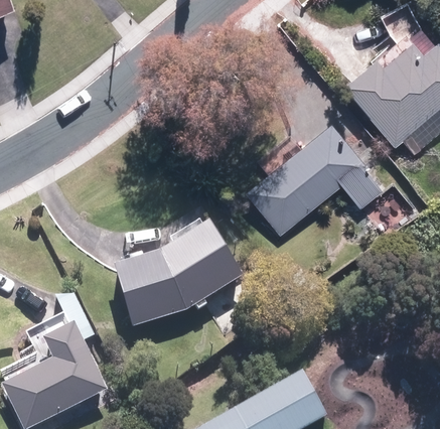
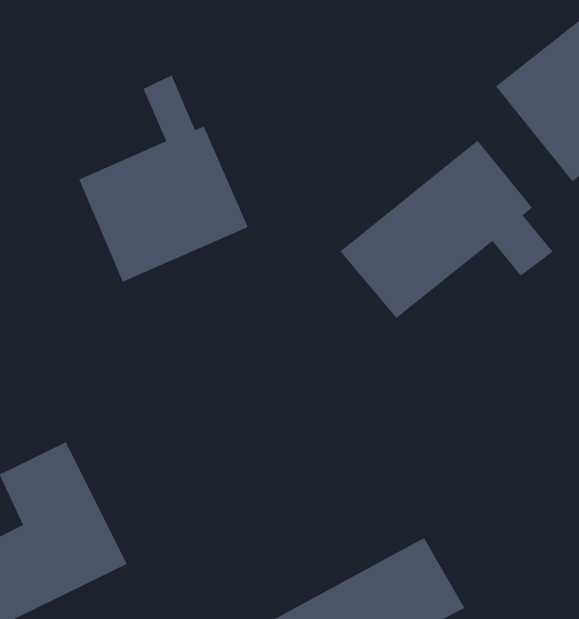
building: none -> [79,74,248,283]
building: [116,222,247,326] -> none

